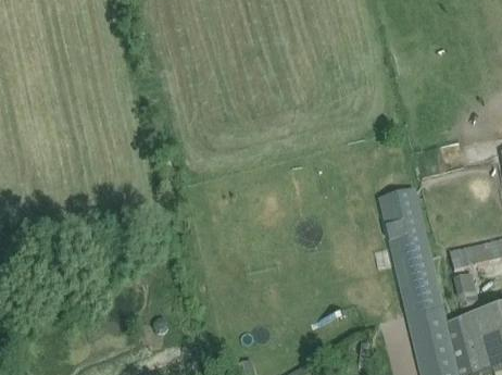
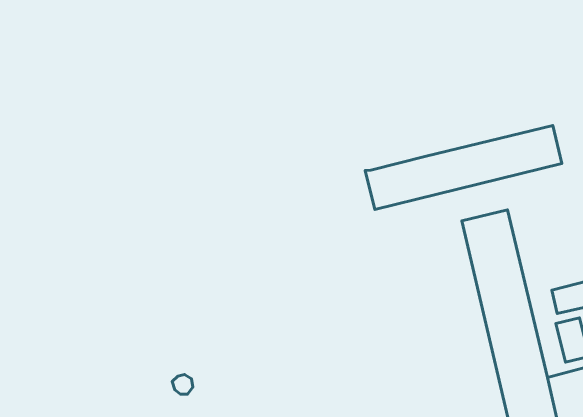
building: none -> [365,126,562,209]

